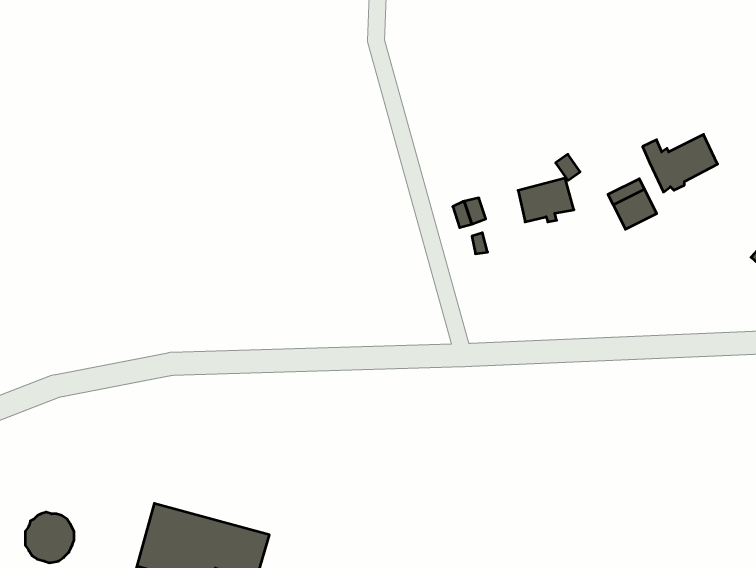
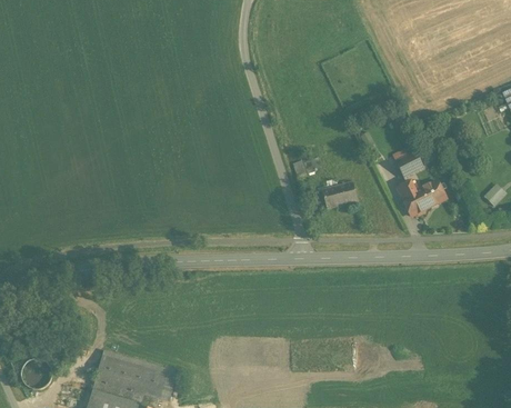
building: [643,134,718,192] -> [398,179,445,216]
building: [518,178,574,222] -> [322,181,358,209]

